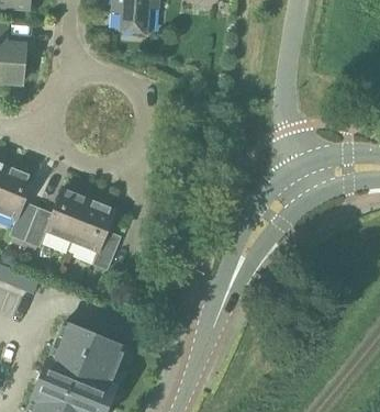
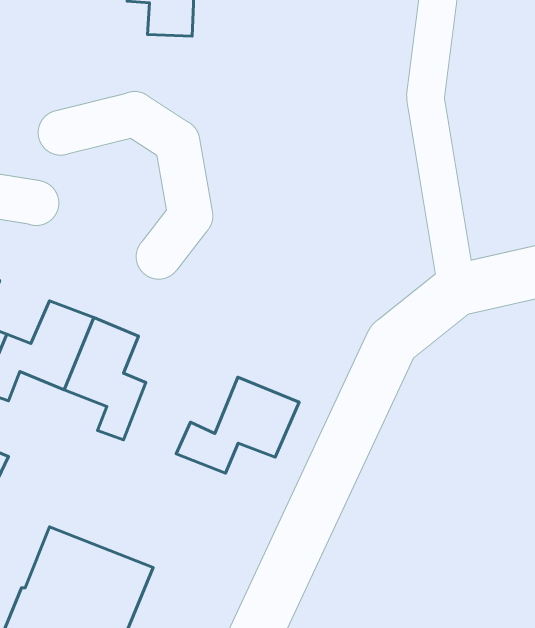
building: none -> [176,377,299,473]

